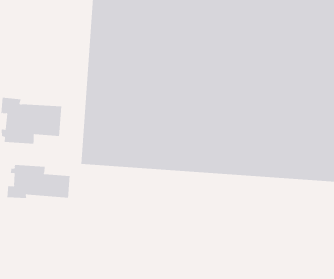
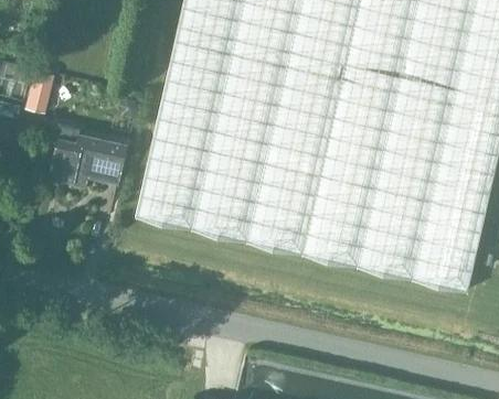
building: [7,164,70,199] -> none

